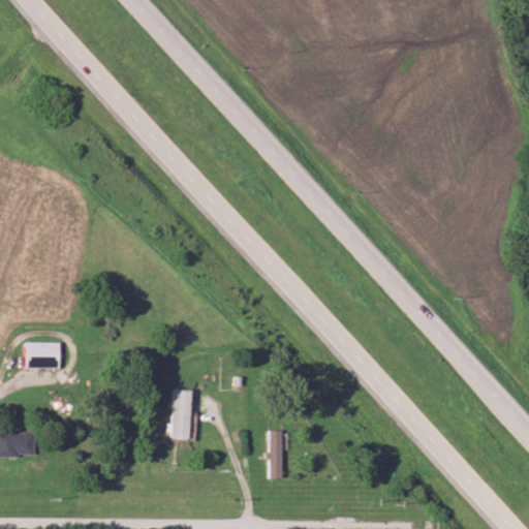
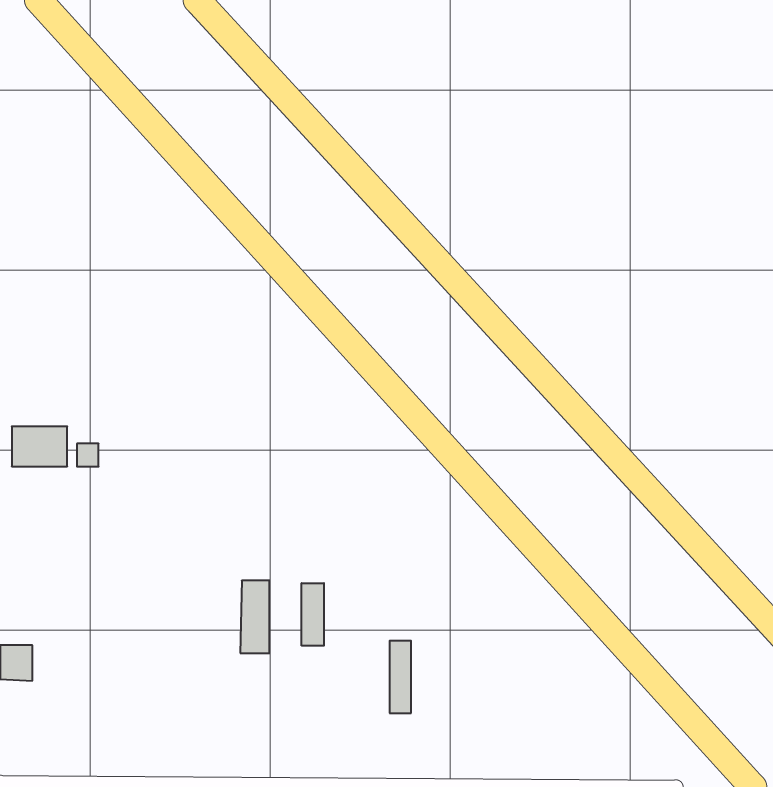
building: [22,342,59,369] -> [12,426,67,466]
building: none -> [302,583,324,646]

